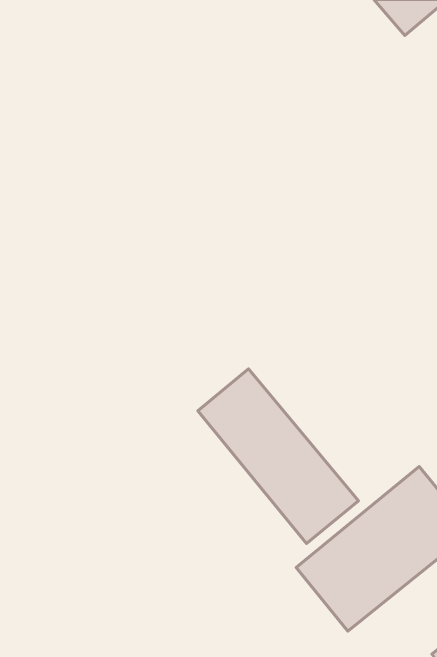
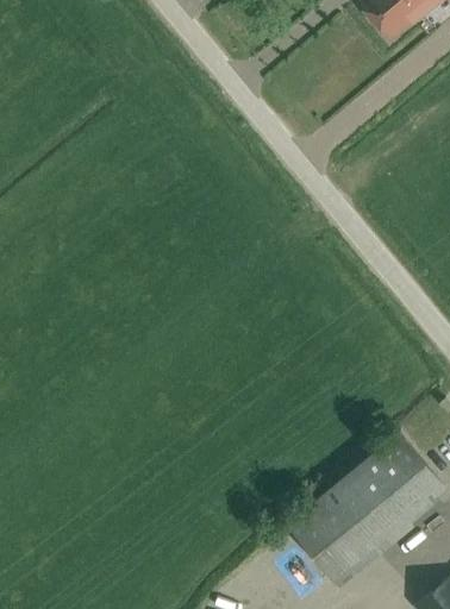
building: [198,369,358,543] -> none

